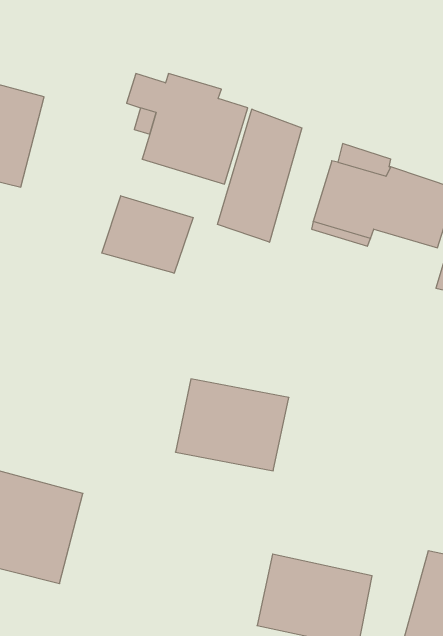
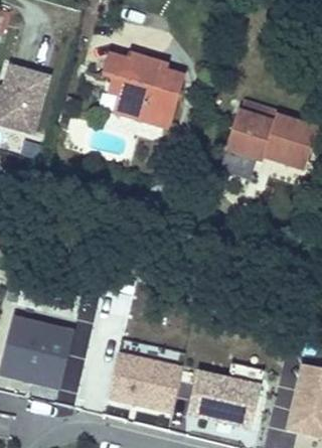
building: [218,109,302,242] -> none
building: [102,196,193,273] -> none
building: [175,379,289,471] -> [109,352,182,412]

